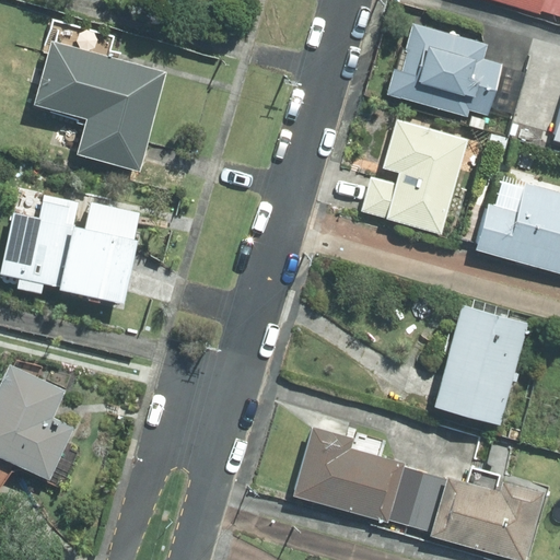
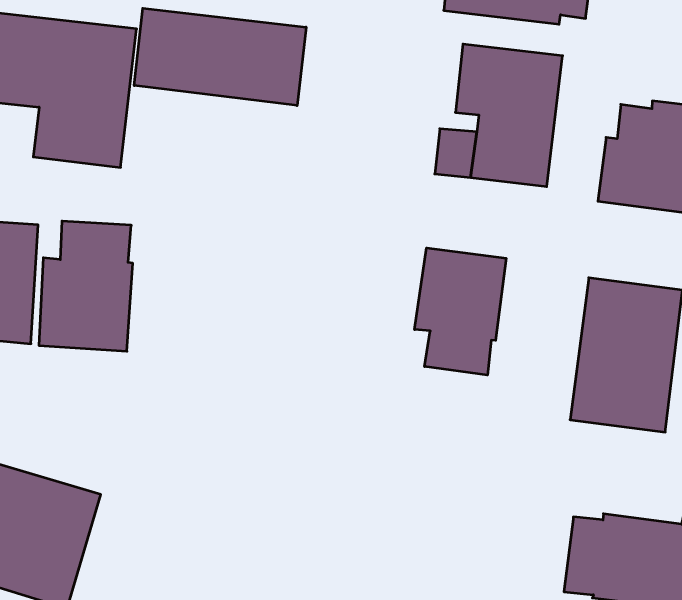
building: none -> [134,8,306,106]
building: none -> [415,248,506,375]
building: [290,424,422,525] -> none

